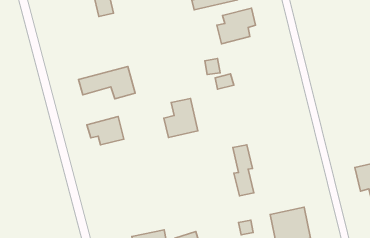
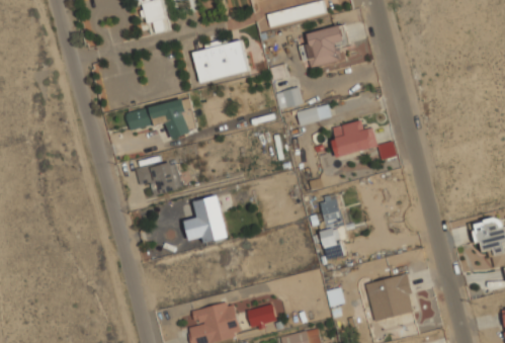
building: none -> [191,35,249,83]
building: none -> [333,119,377,155]
building: [164,99,198,137] -> [184,195,227,244]

